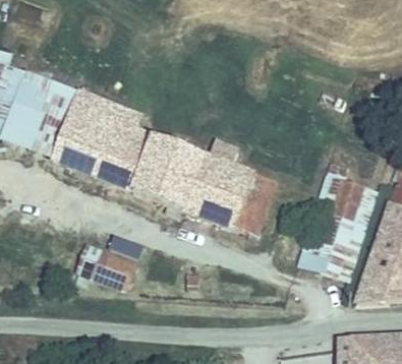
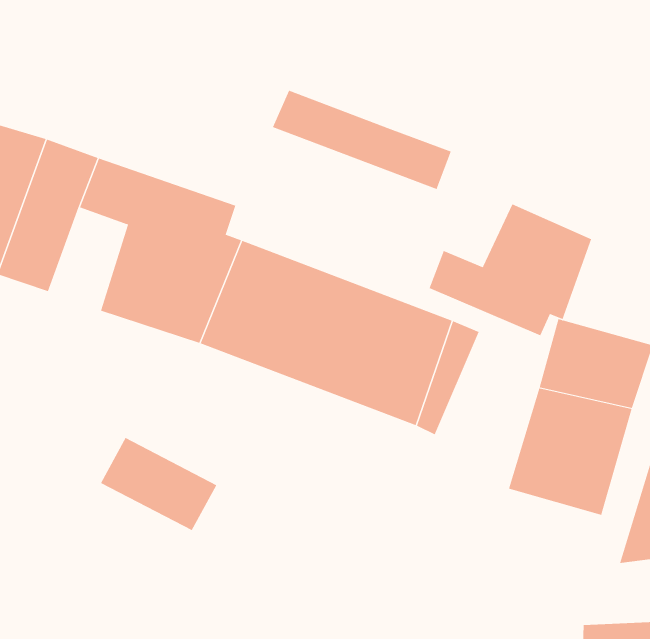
building: none -> [272,90,451,190]
building: none -> [429,203,592,336]
building: [52,113,94,168] -> none

